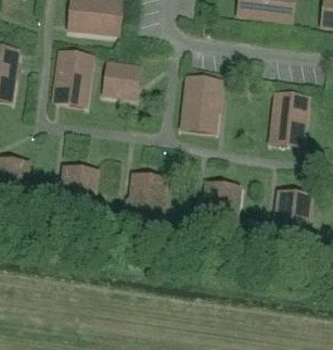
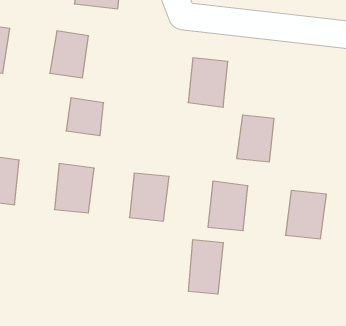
building: [103,61,138,96] -> [66,98,104,136]
building: [271,92,306,136] -> [237,115,274,162]
building: none -> [188,240,223,294]

